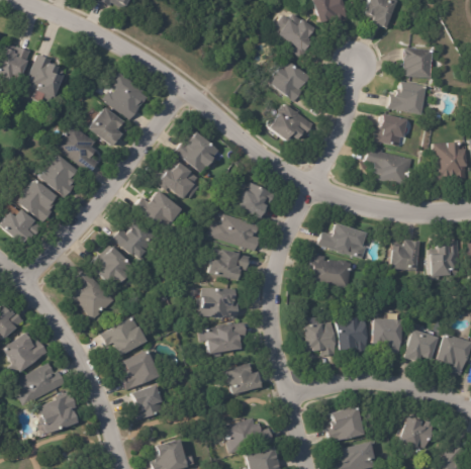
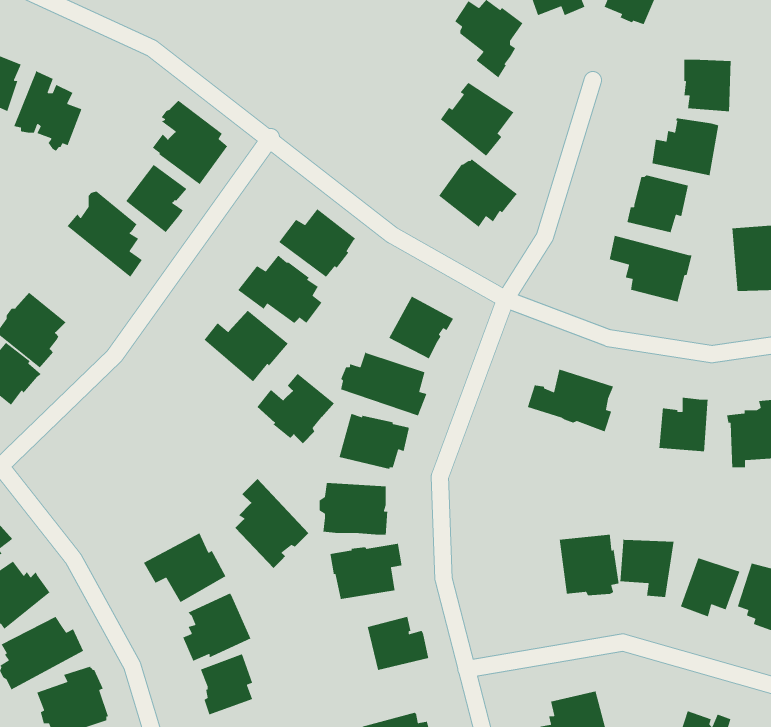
building: [40,155,79,197] -> none
building: [113,218,158,259] -> [257,373,335,444]
building: [90,247,132,288] -> none
building: [310,254,354,289] -> none
building: [72,269,114,320] -> [234,478,309,569]
building: [303,322,334,356] -> none

